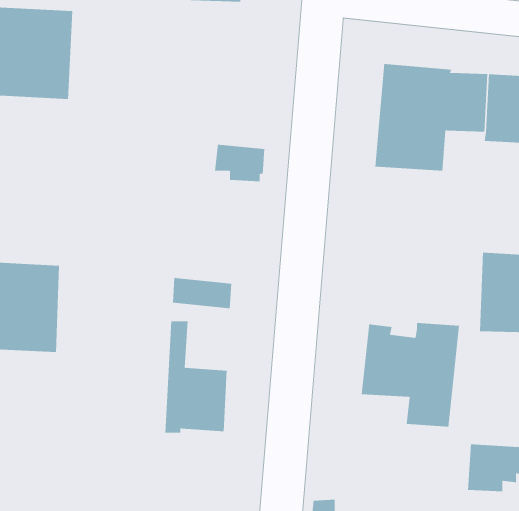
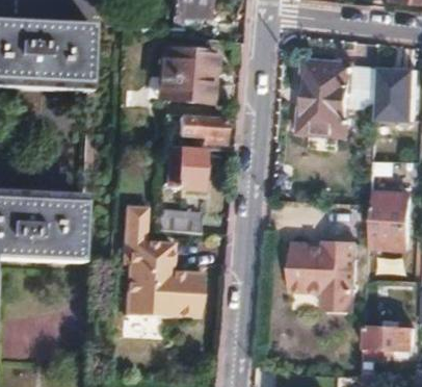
building: none -> [157,48,215,117]
building: none -> [166,146,203,189]
building: none -> [120,205,159,318]

